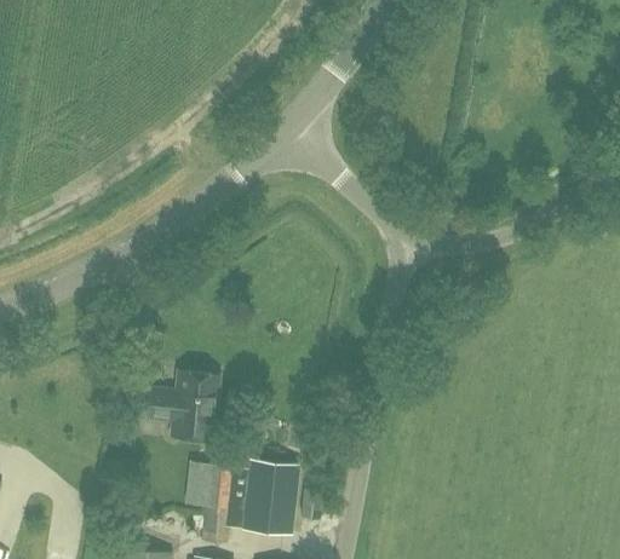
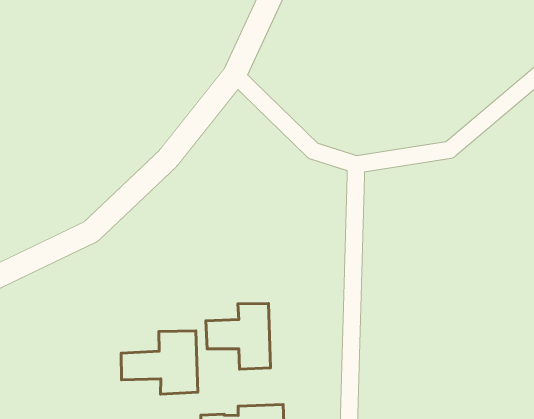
building: none -> [206,304,271,369]

